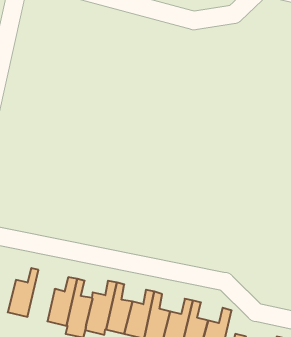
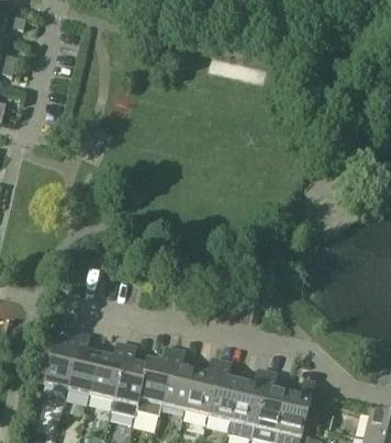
building: none -> [67,330,100,393]

